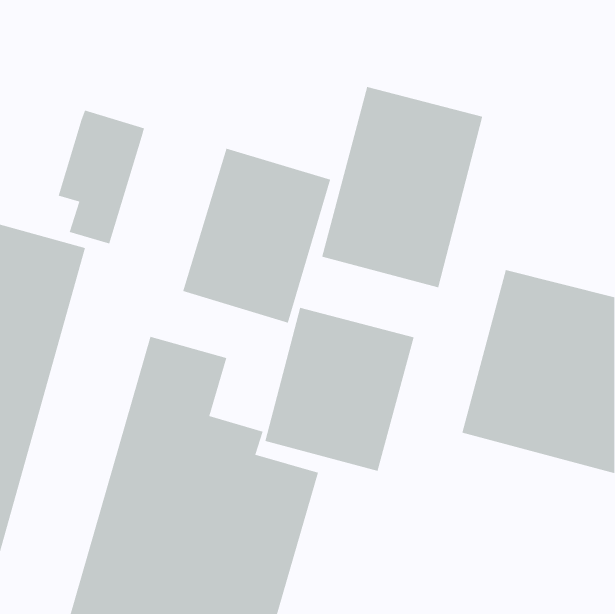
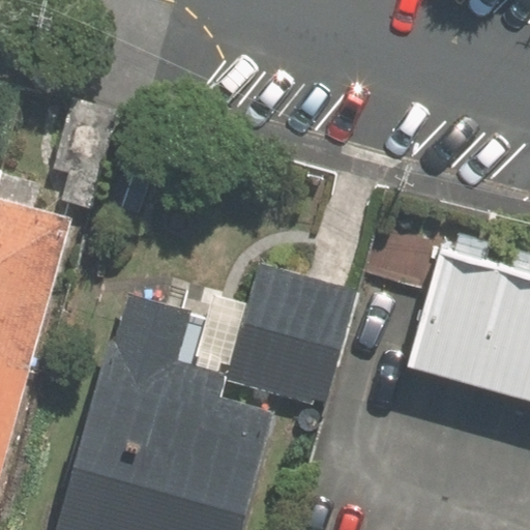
building: [322,86,483,288] -> none
building: [183,148,331,323] -> none

